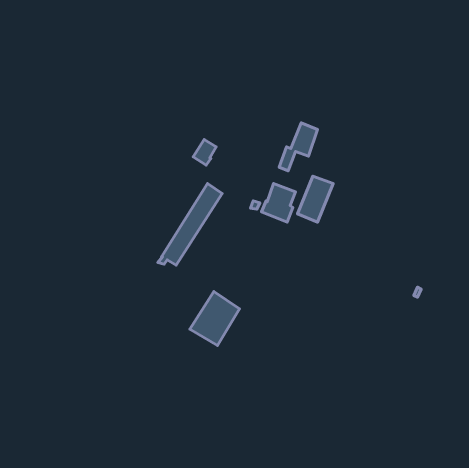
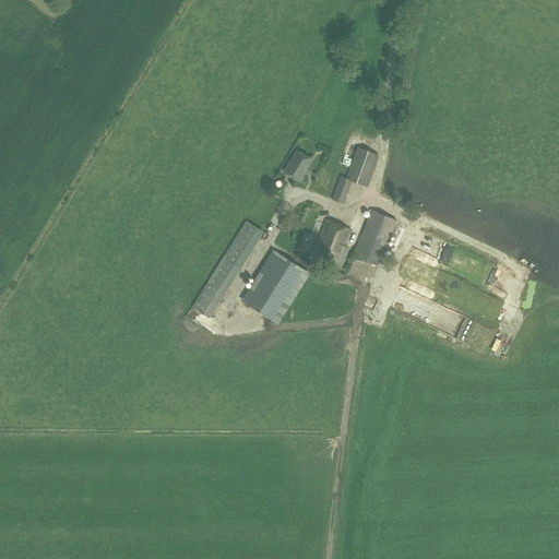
building: [193,139,216,165] -> [284,150,311,180]
building: [190,292,240,346] -> [242,259,301,323]

